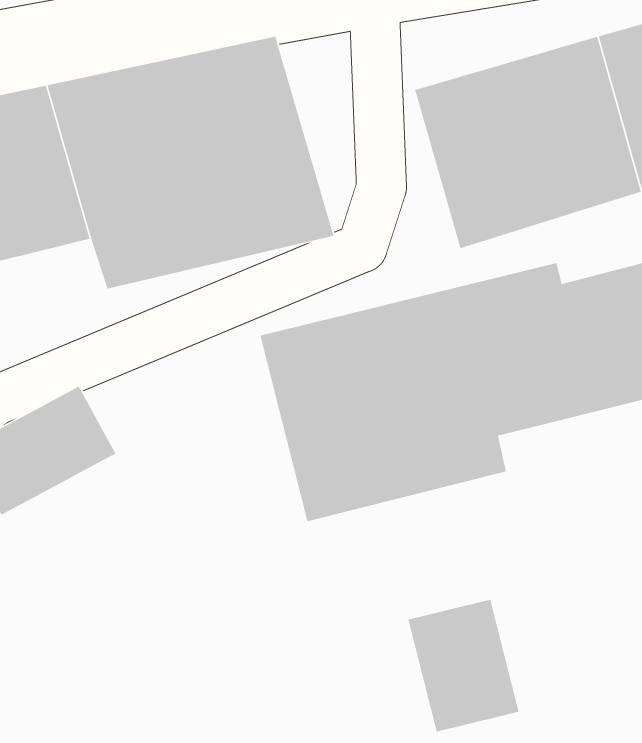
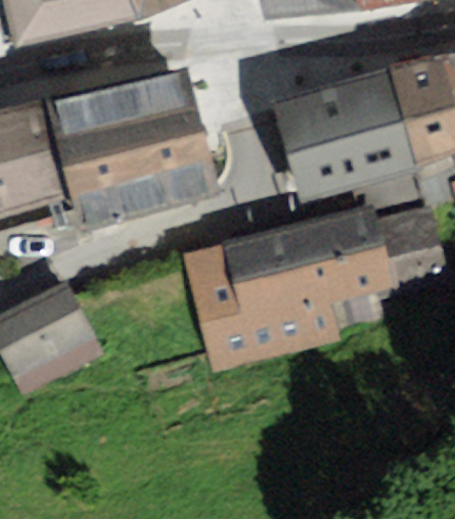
building: [408,599,520,733] -> none

